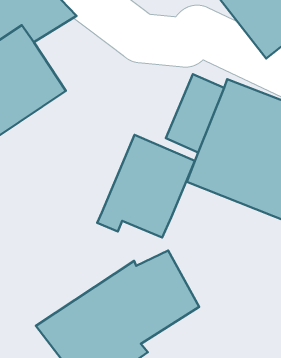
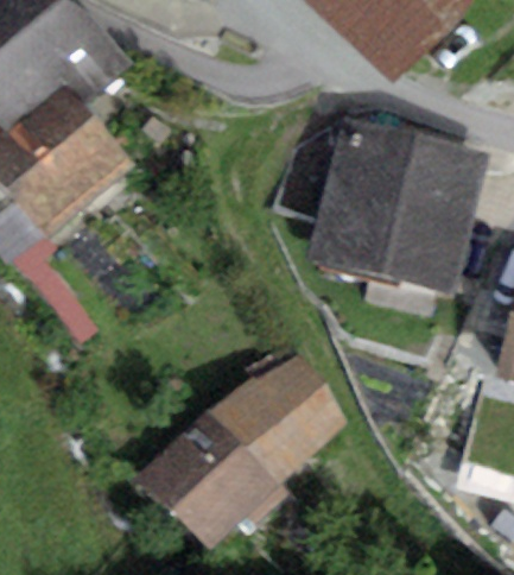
building: [97,135,195,237] -> none

